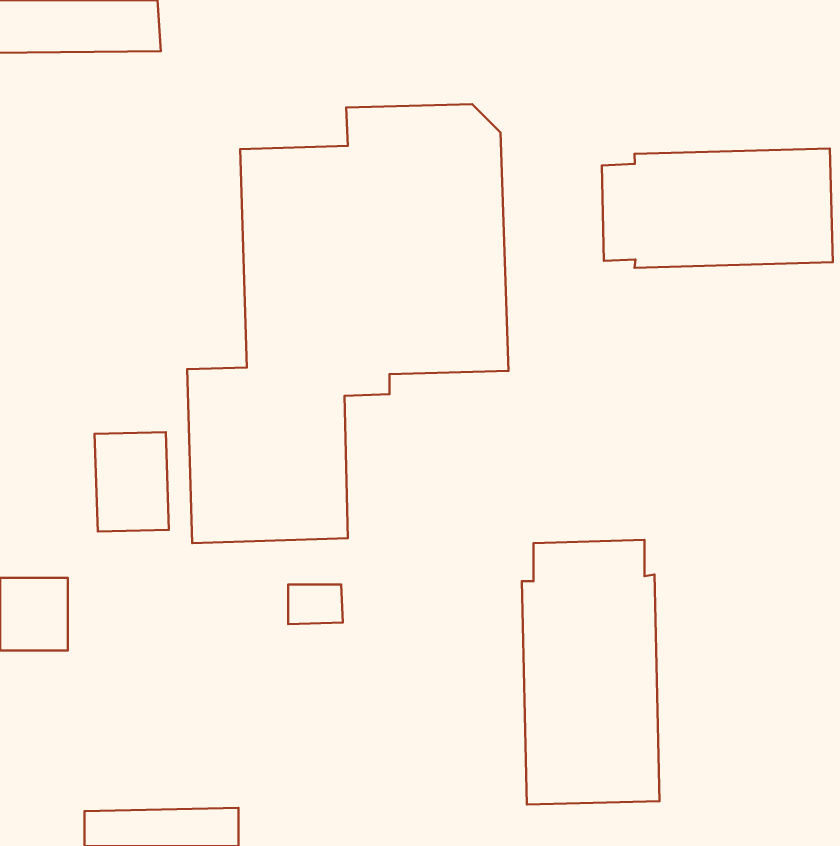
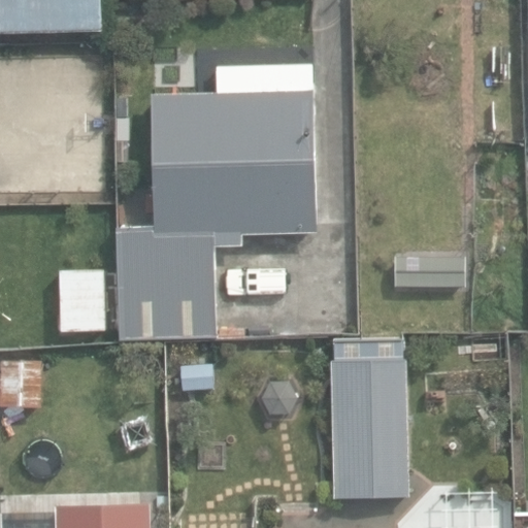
building: [602,148,833,268] -> none

